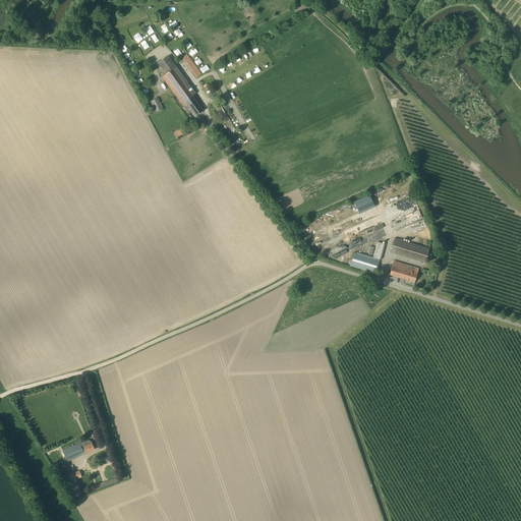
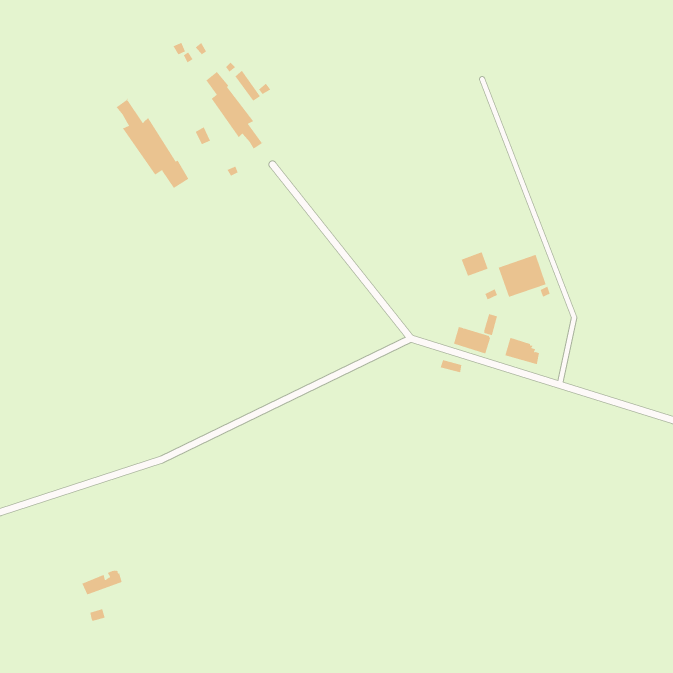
building: none -> [115,98,189,189]
building: [391,238,429,263] -> none

